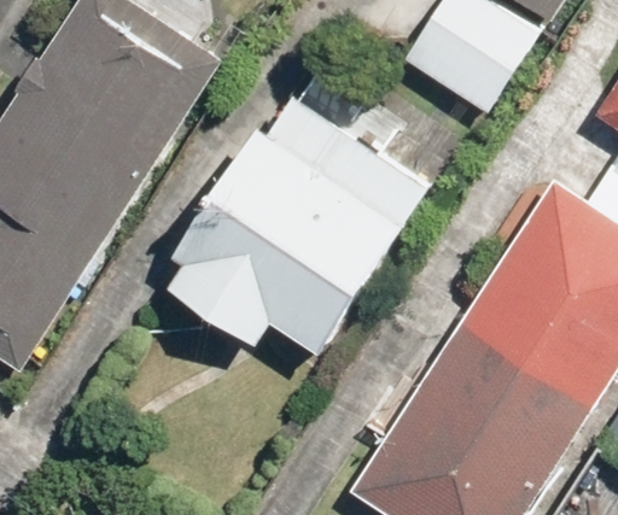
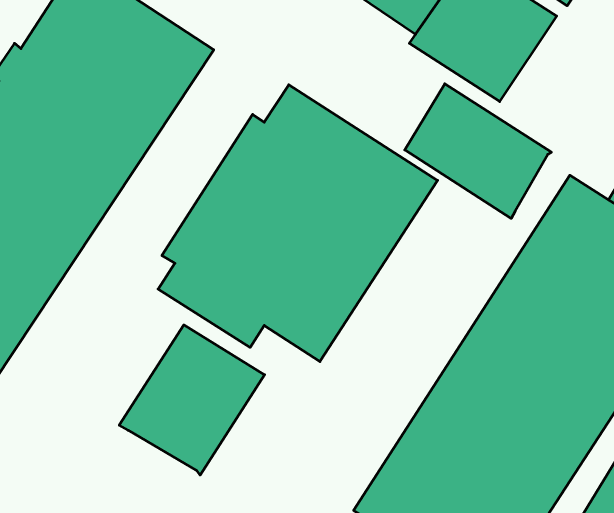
building: none -> [405,84,551,218]
building: none -> [119,325,265,475]

